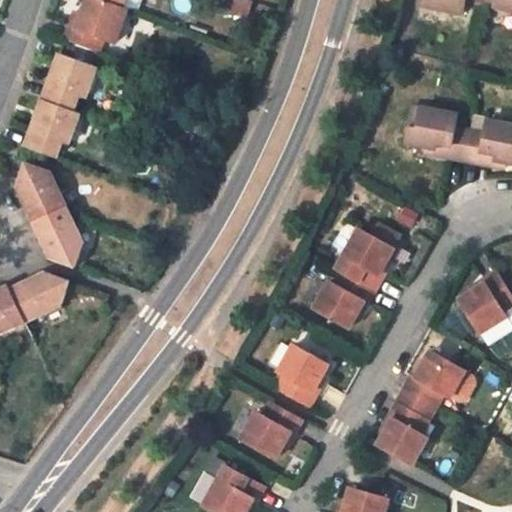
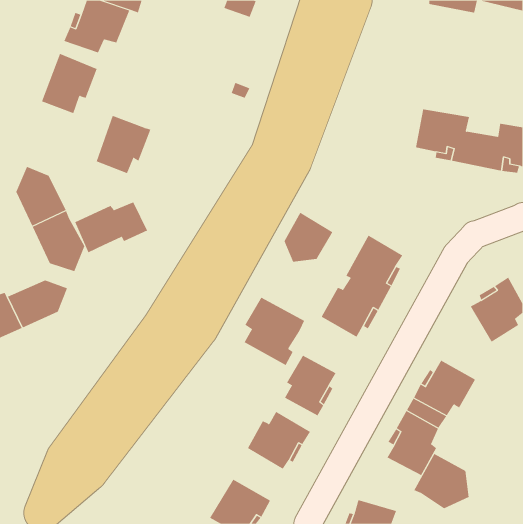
building: [24,99,78,156] -> [96,115,151,174]
building: none -> [75,201,148,253]
building: none -> [284,212,333,262]
building: none -> [244,297,305,366]
building: none -> [413,453,469,509]

